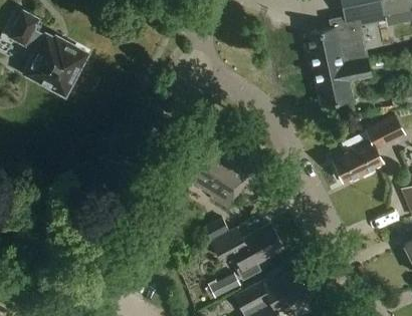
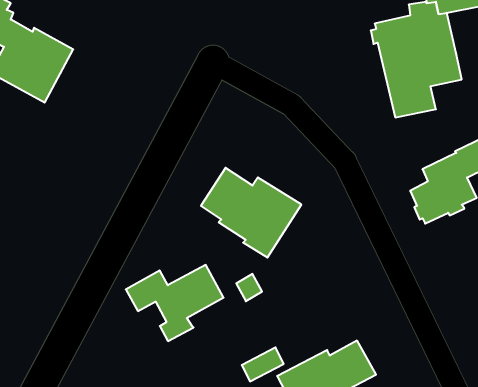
building: [211,225,283,281] -> [126,265,224,341]

